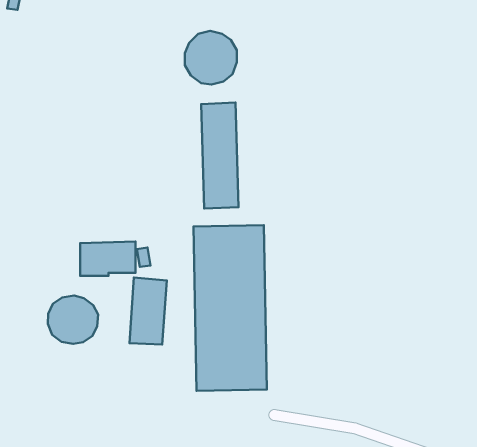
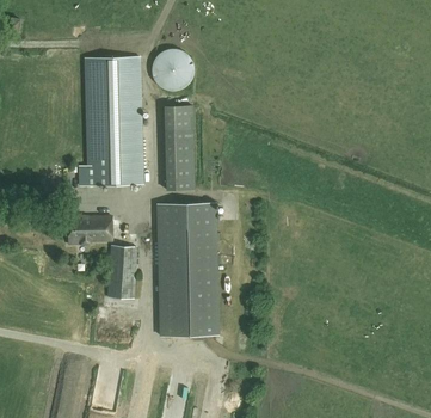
building: none -> [85,56,143,185]
building: [48,295,98,344] -> none

